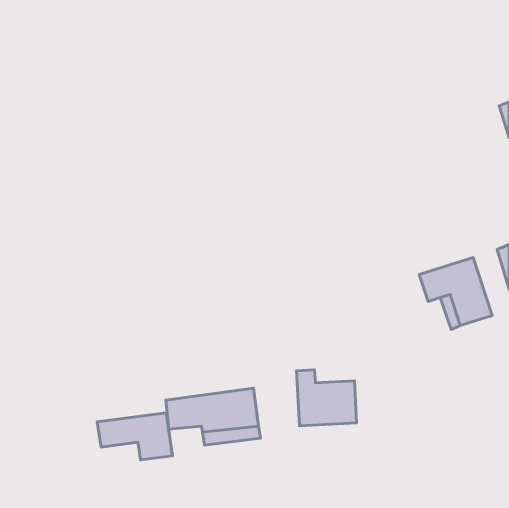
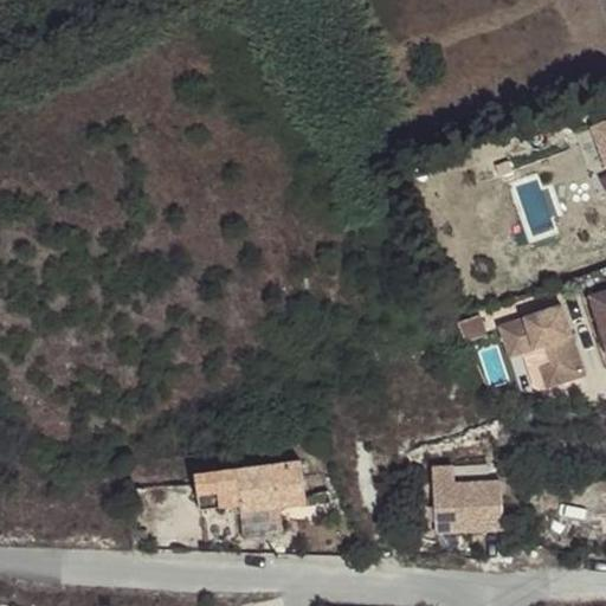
building: [297,370,356,426] -> [431,454,502,521]
building: [97,413,173,460] -> none

